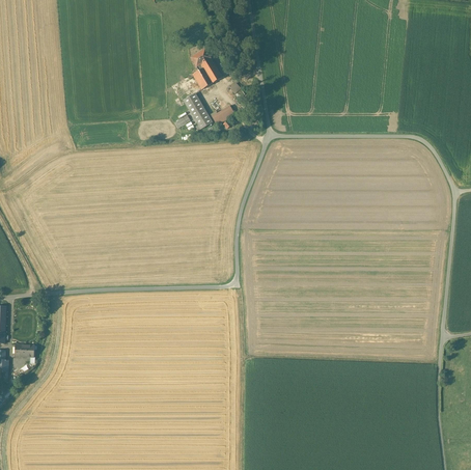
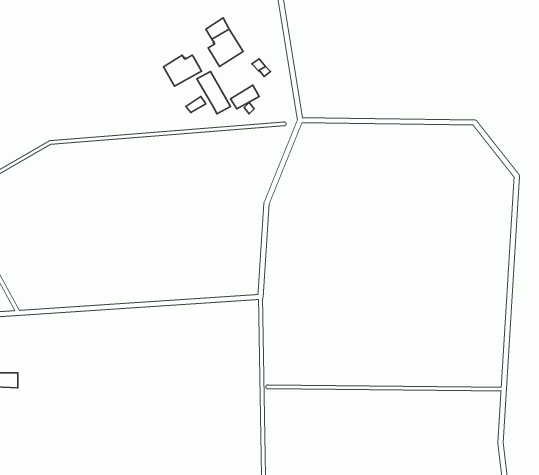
building: none -> [163,55,202,86]

